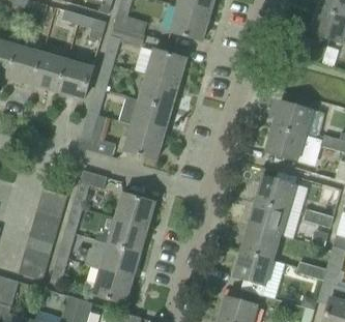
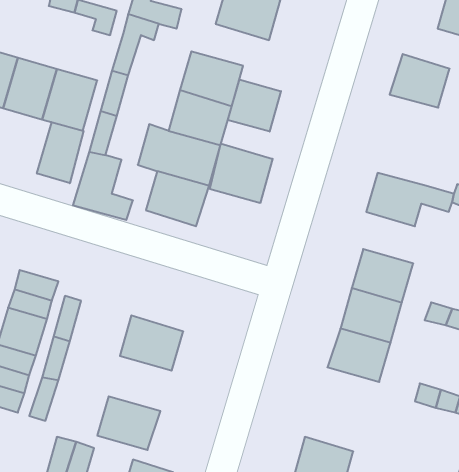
building: none -> [228,79,281,132]
building: none -> [37,122,84,183]
building: [272,100,311,135] -> [390,54,450,108]
building: none -> [210,144,273,203]
building: [73,170,107,208] -> none
building: [115,193,155,228] -> none
building: [100,243,141,279] -> none
building: [233,251,274,286] -> none

